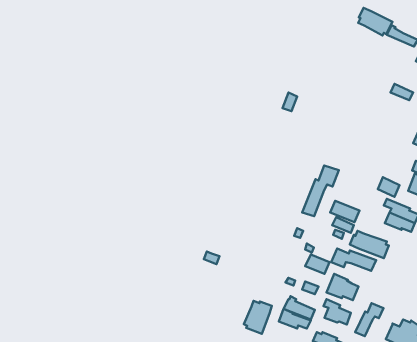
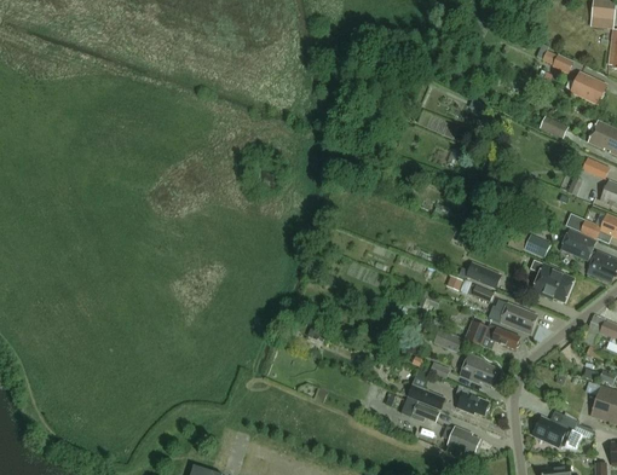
building: [358,8,392,36] -> none
building: [302,165,339,216] -> none
building: [244,301,272,334] -> none
building: [355,303,384,336] -> none

